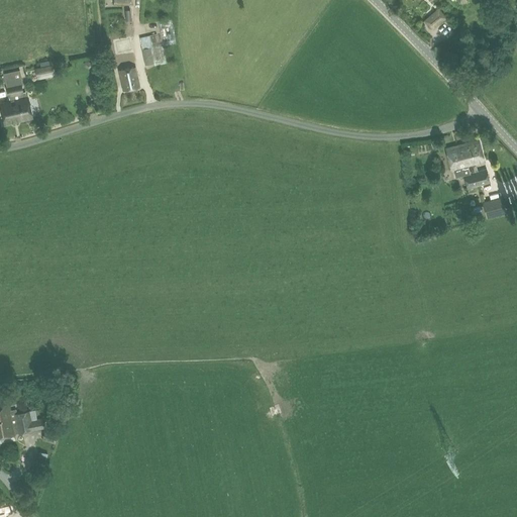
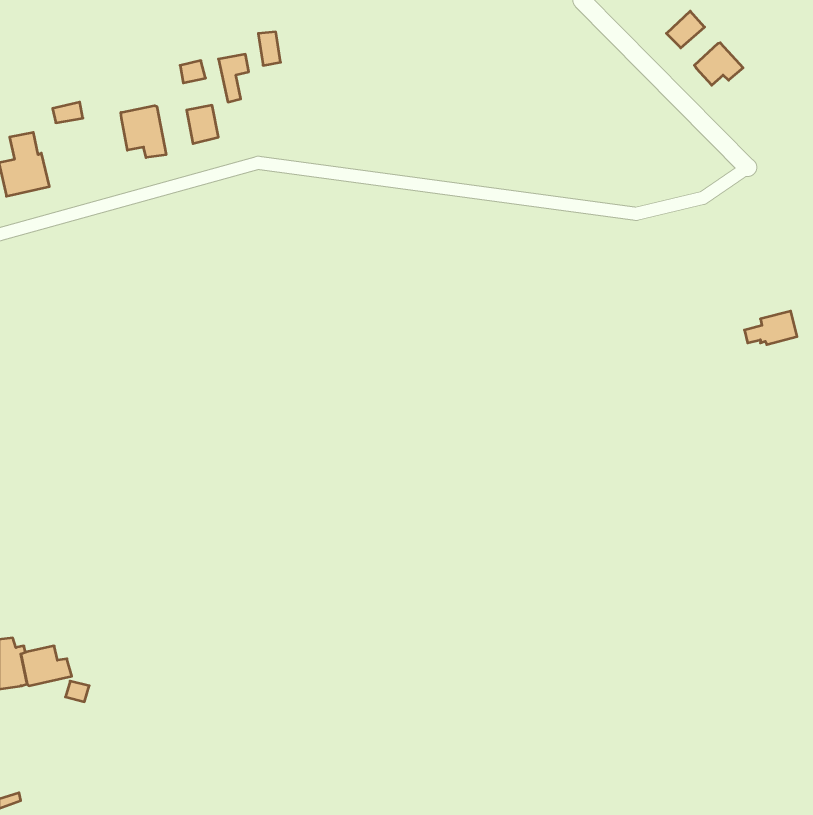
building: none -> [694,43,743,85]
building: none -> [121,106,166,158]
building: [445,139,489,188] -> none

